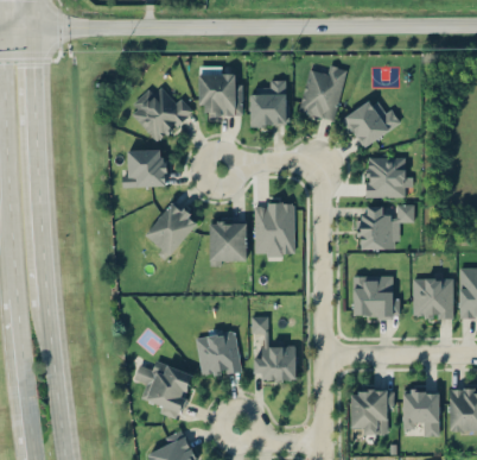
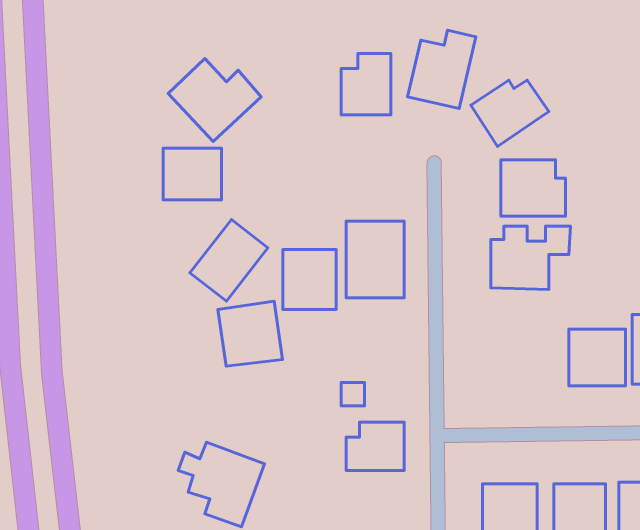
building: [198,75,241,116] -> none
building: [351,276,400,319] -> none
building: [195,332,241,378] -> [218,301,283,366]

